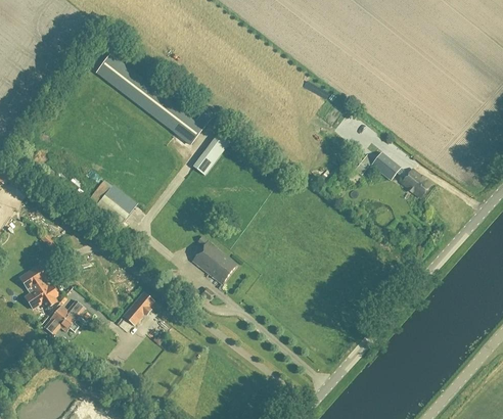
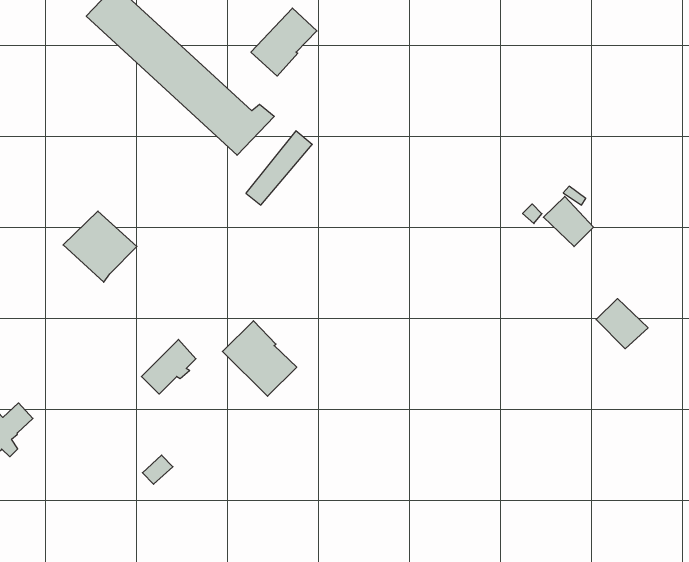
building: none -> [251,8,317,76]
building: [401,169,431,197] -> [596,299,648,349]
building: [123,291,153,324] -> [141,339,196,394]

